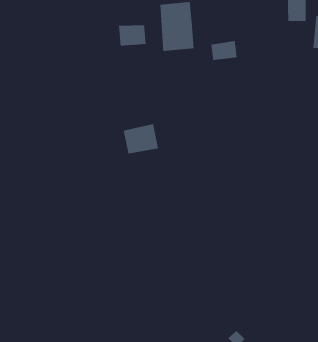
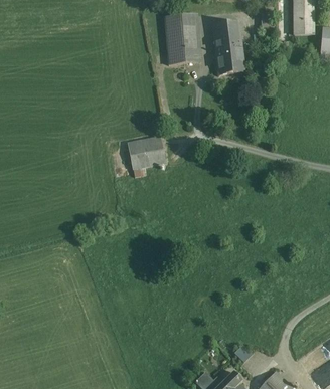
building: none -> [213,22,241,57]
building: [119,24,146,46] -> none

